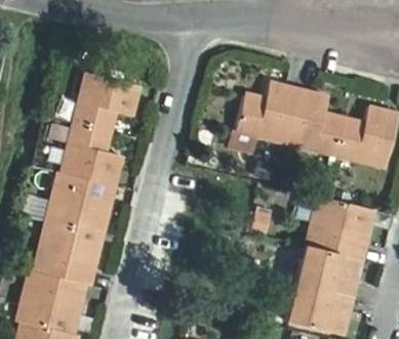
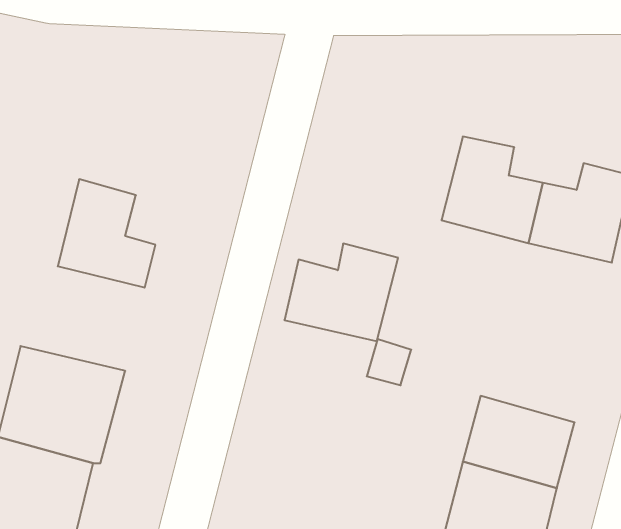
building: [77,67,139,127] -> none
building: [233,85,298,141] -> [284,244,398,341]
building: [43,166,115,228] -> none
building: [309,197,374,258] -> none

